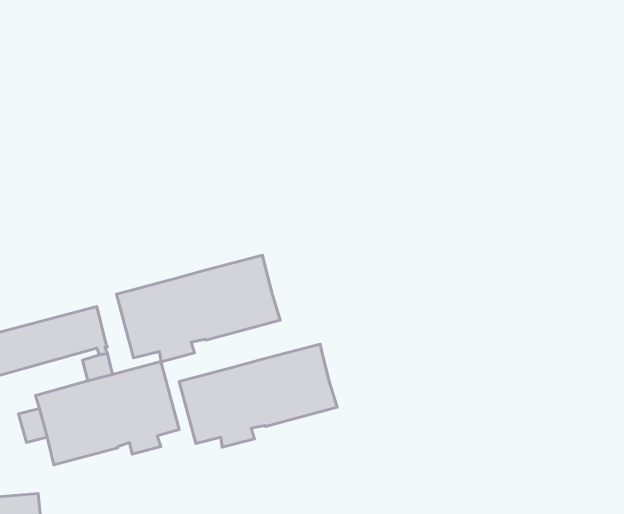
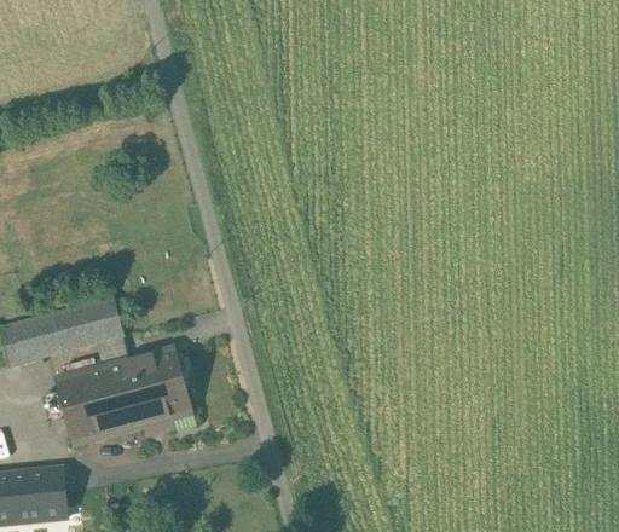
building: [117,255,280,362] -> none
building: [179,344,337,447] -> none

